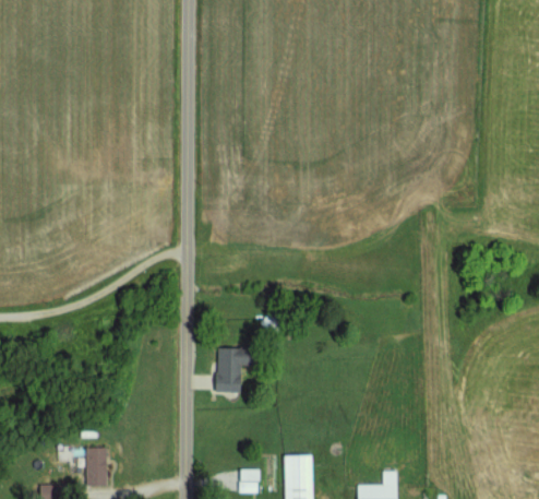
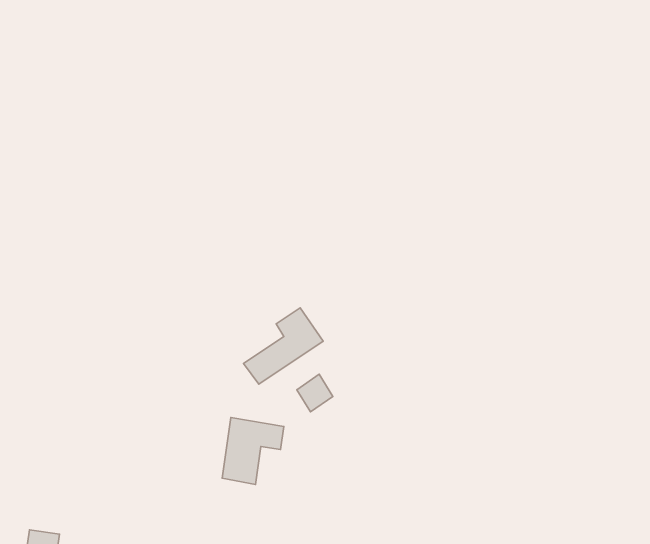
building: none -> [244,308,323,384]

